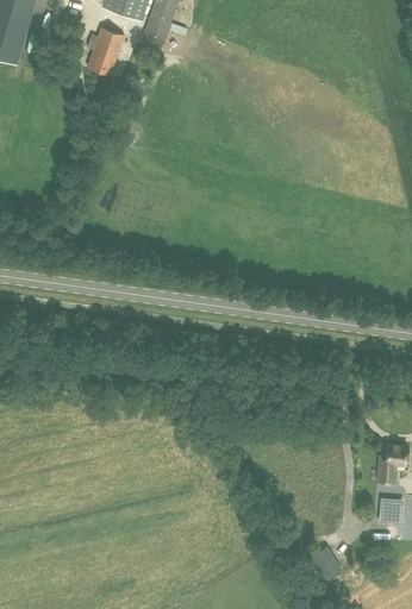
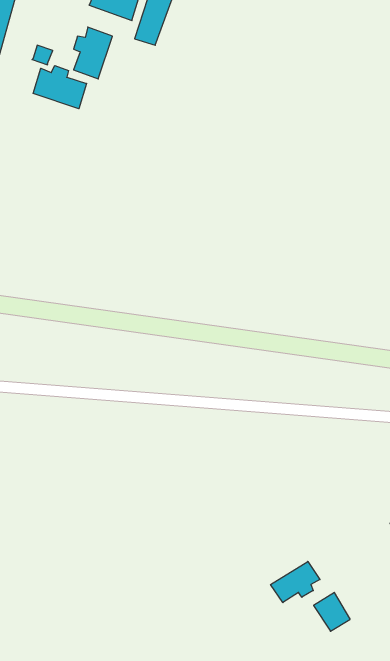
building: none -> [33,66,87,109]
building: none -> [271,561,320,603]

